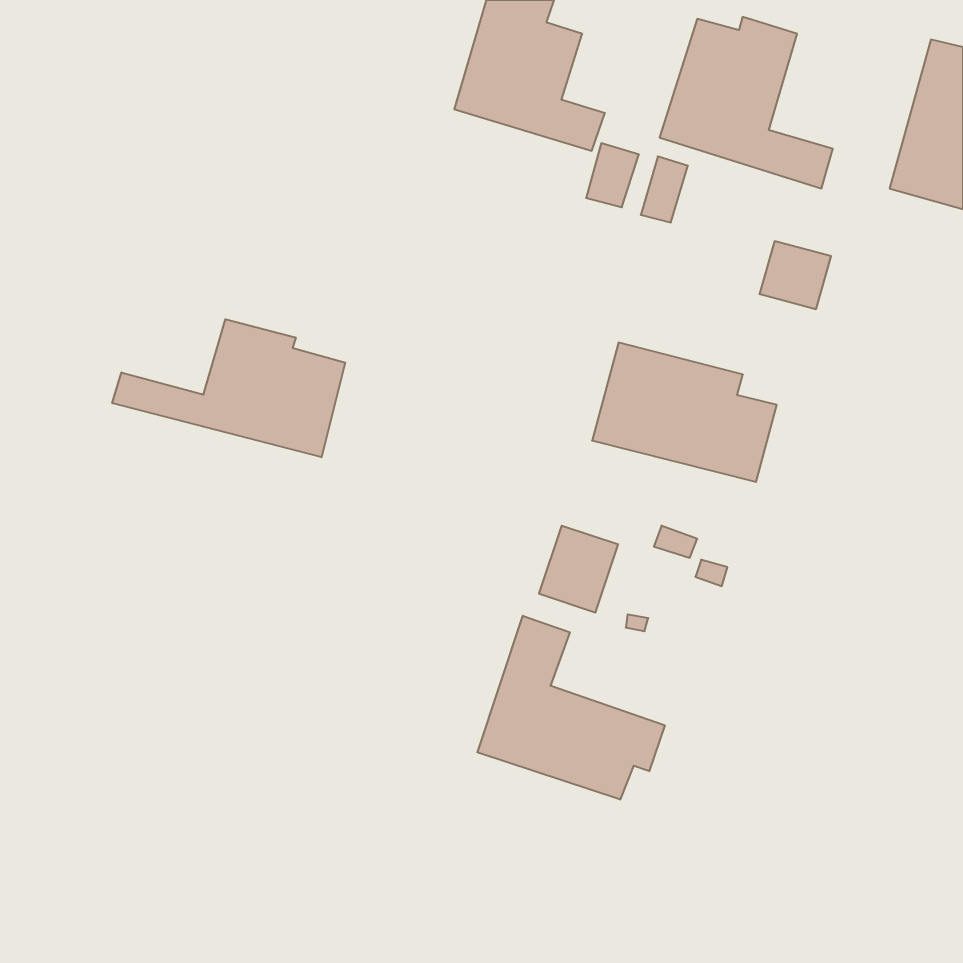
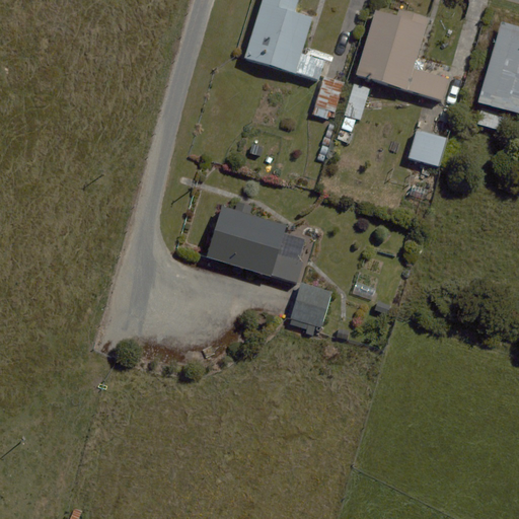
building: [112,319,345,457] -> none
building: [592,343,777,482] -> [206,206,305,281]
building: [477,616,665,800] -> none

